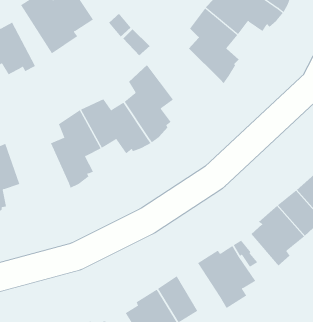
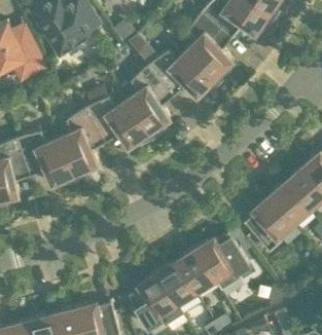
building: none -> [148,51,219,99]
building: none -> [17,133,77,186]
building: none -> [176,250,215,294]

